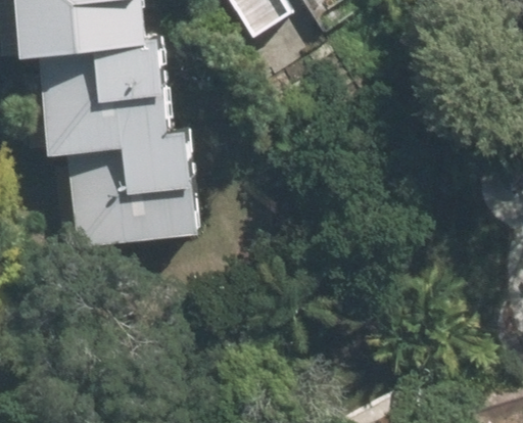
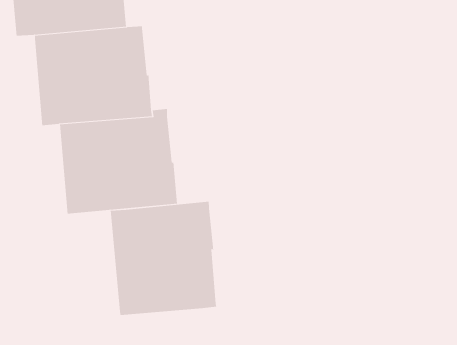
building: none -> [110,201,217,316]

